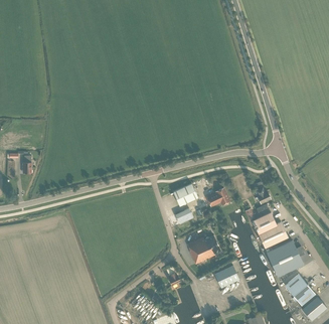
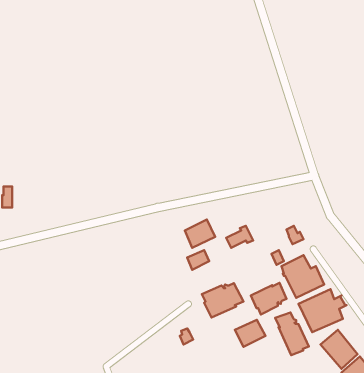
building: none -> [251,283,286,314]
building: none -> [275,312,309,355]

